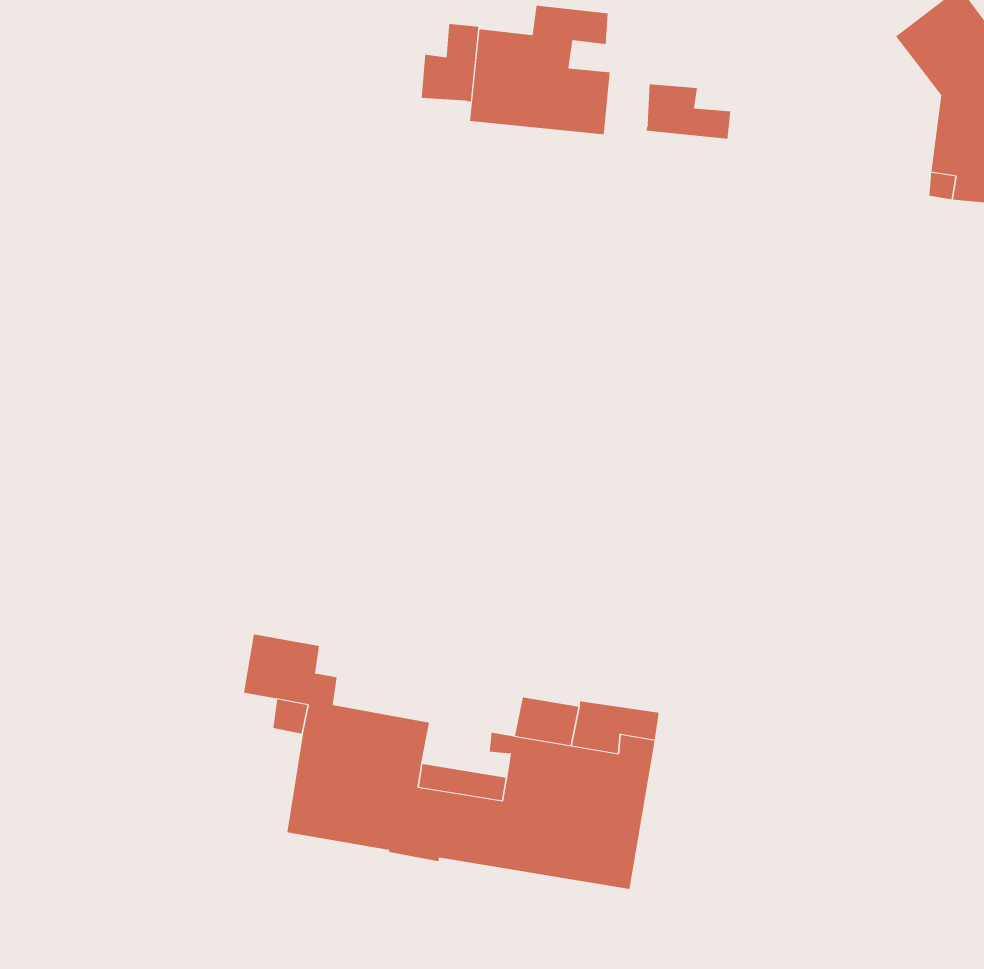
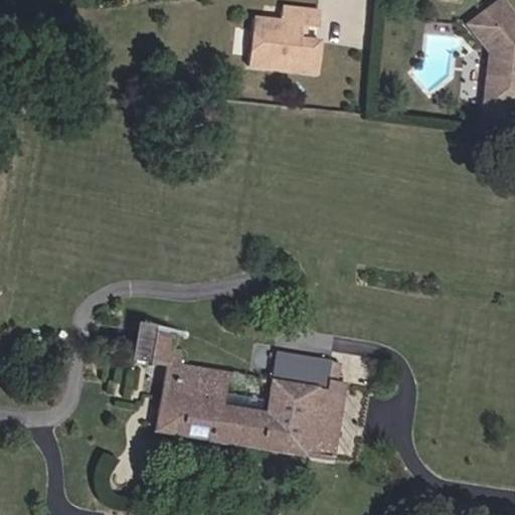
building: [421,23,479,103] -> none
building: [646,84,731,139] -> none

